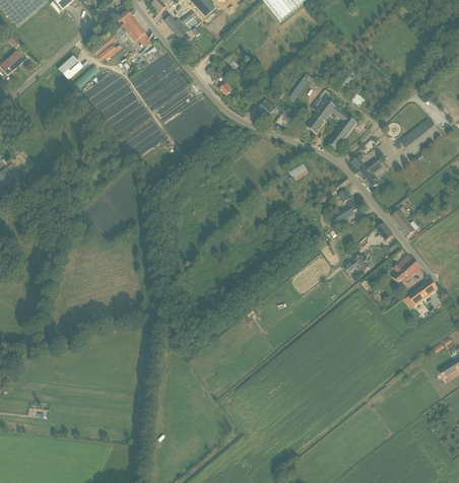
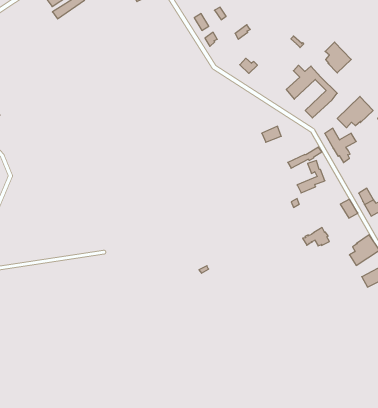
building: none -> [325,42,351,73]
building: none -> [337,96,373,128]

